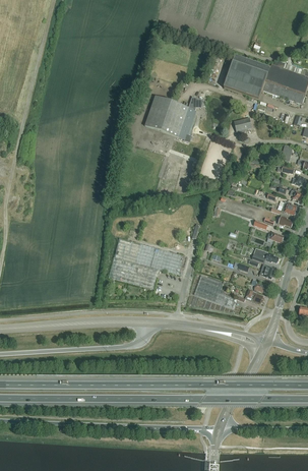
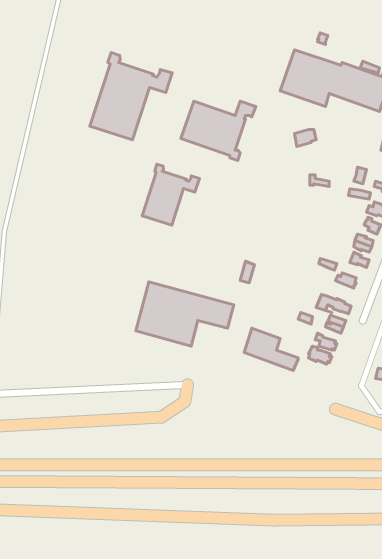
building: none -> [90,53,172,140]
building: none -> [142,164,200,225]

